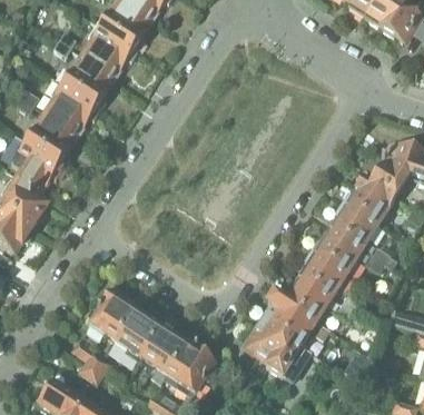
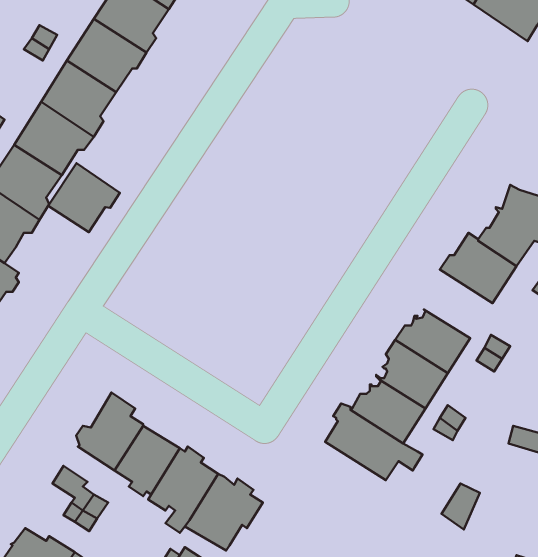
building: none -> [48,163,120,232]
building: [328,200,378,248] -> none
building: [245,320,310,382] -> none

